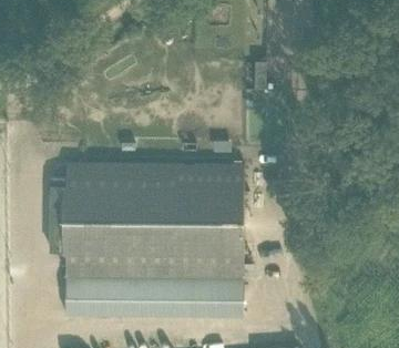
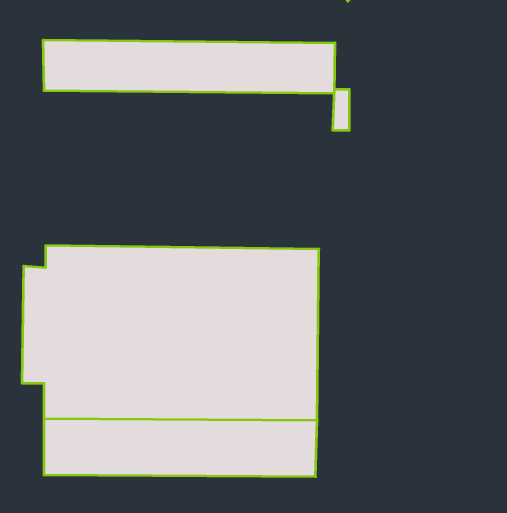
building: none -> [43,40,335,94]

